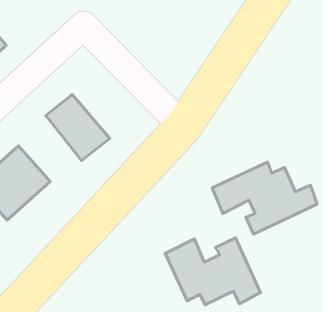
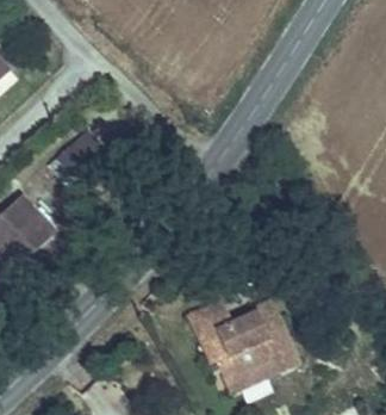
building: [212,162,317,234] -> none

